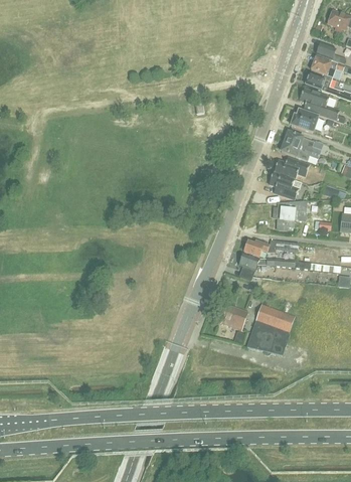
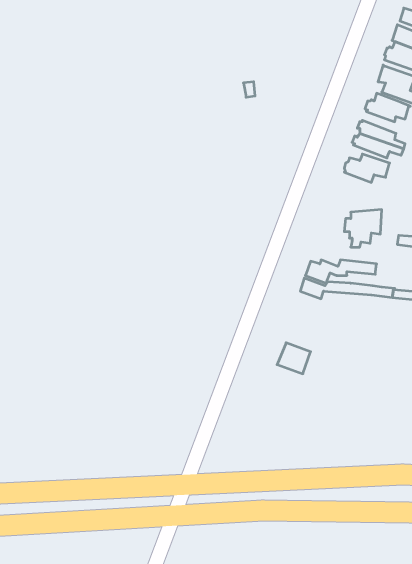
building: [269,171,299,198] -> none
building: [247,302,296,353] -> none

